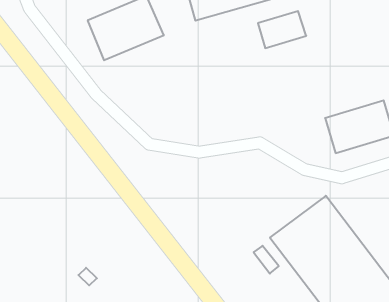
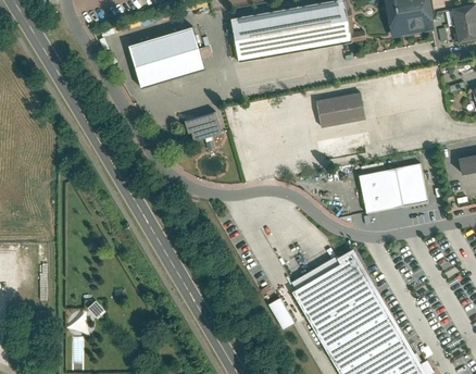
building: [258,11,306,48] -> [320,94,367,127]
building: none -> [187,110,224,138]

